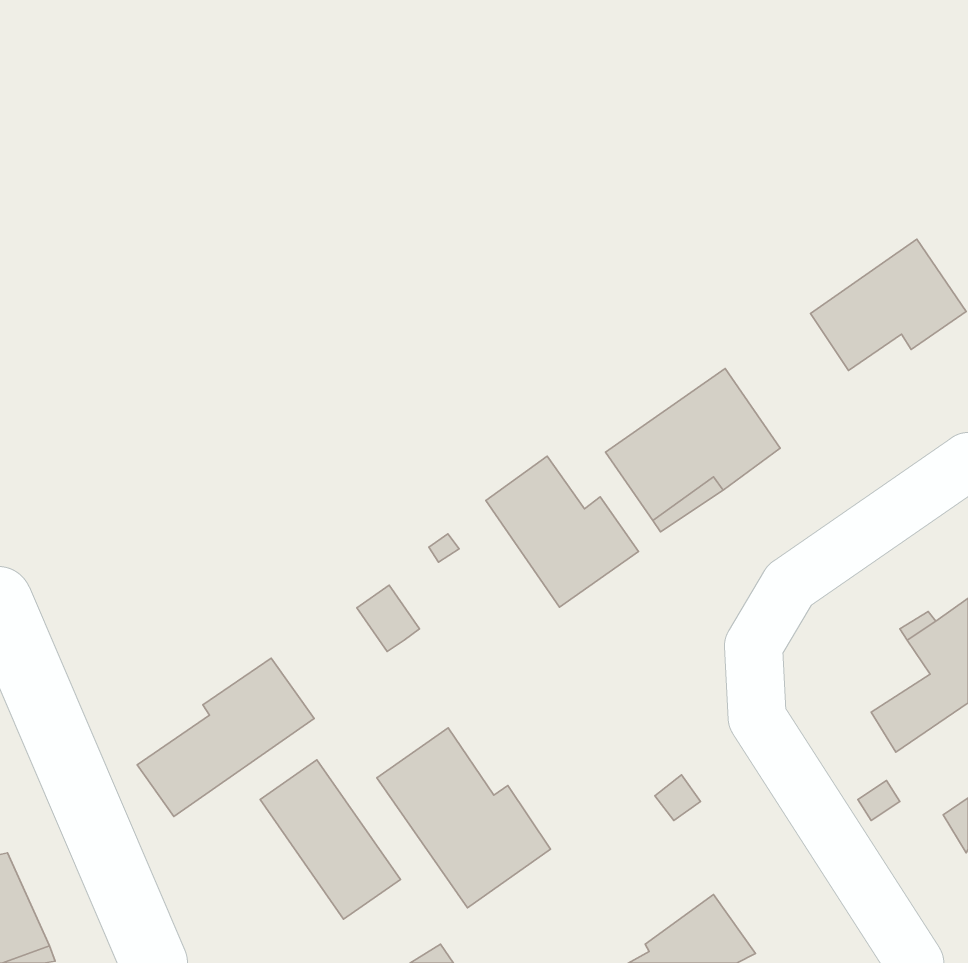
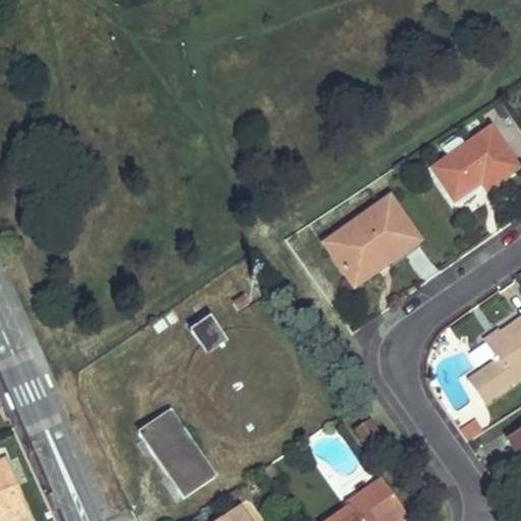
building: [486,456,638,607] -> none
building: [137,658,314,817] -> none
building: [377,728,550,908] -> none

